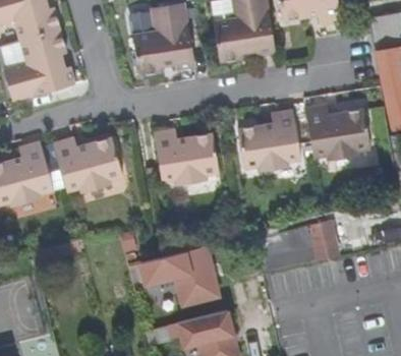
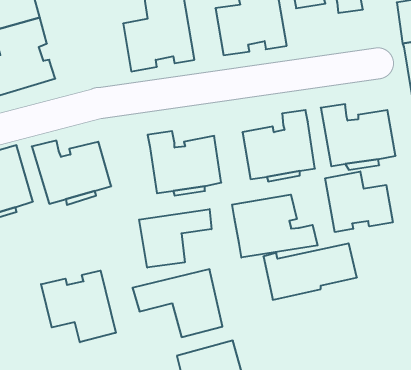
building: none -> [325,171,393,232]
building: none -> [232,195,318,258]
building: none -> [139,209,211,268]
building: none -> [41,271,116,342]

